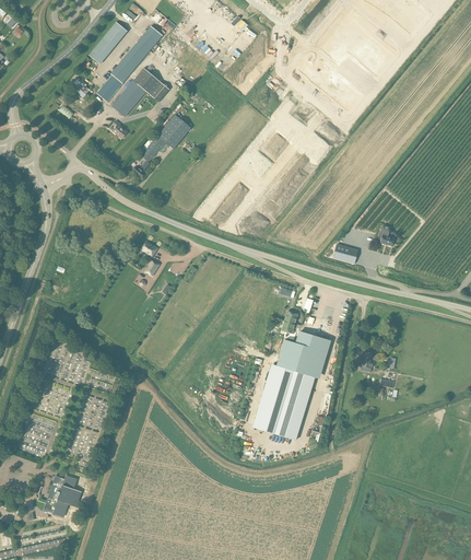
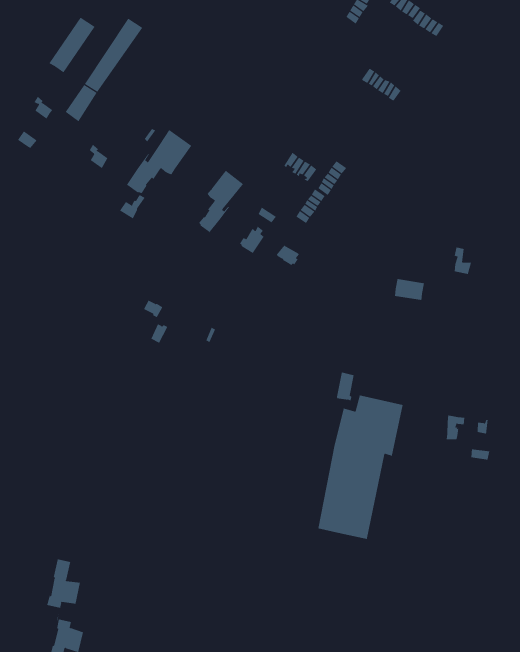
building: [111,68,168,116] -> none
building: none -> [199,170,244,234]
building: none -> [47,559,80,621]

